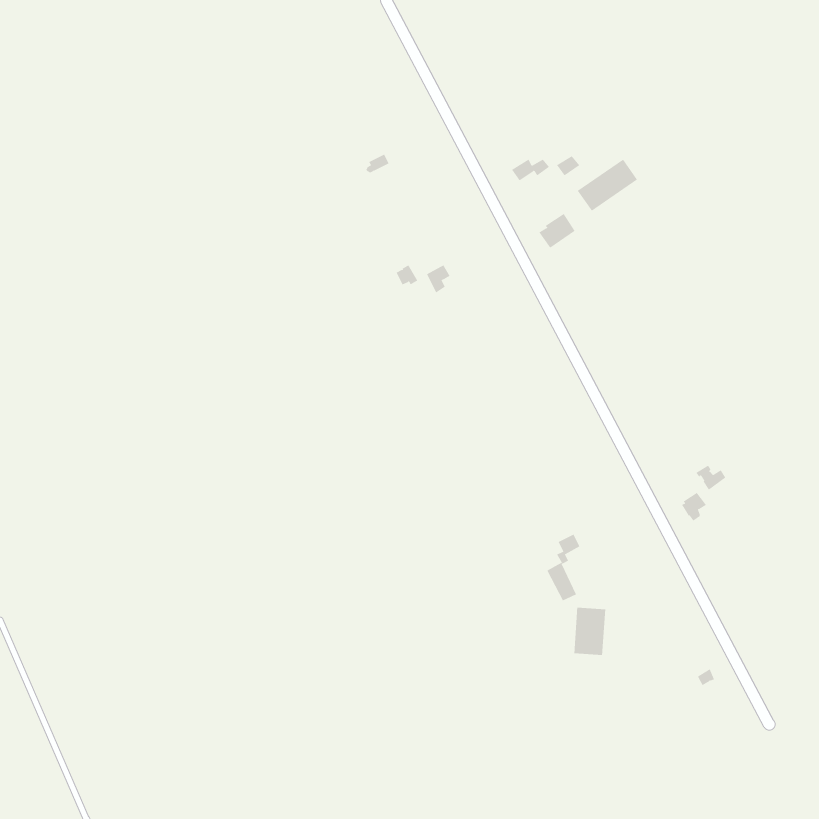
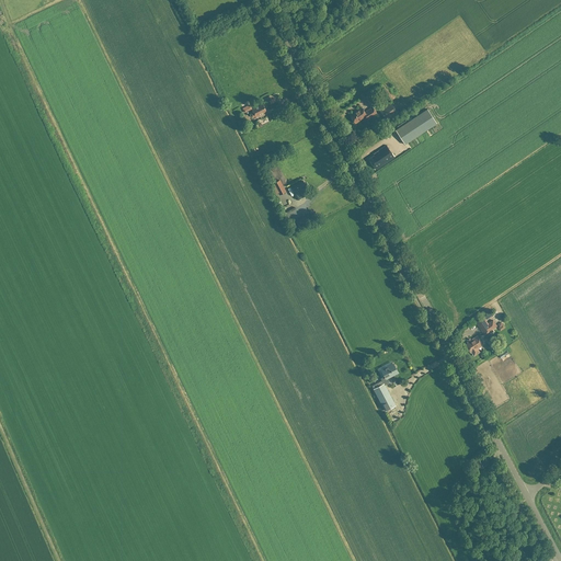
building: [574,607,606,656] -> none

